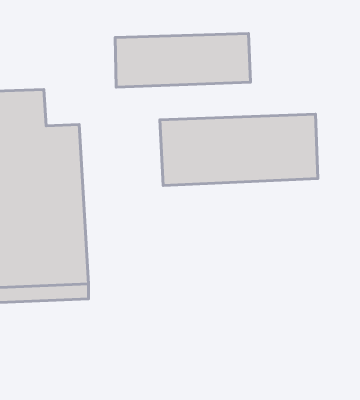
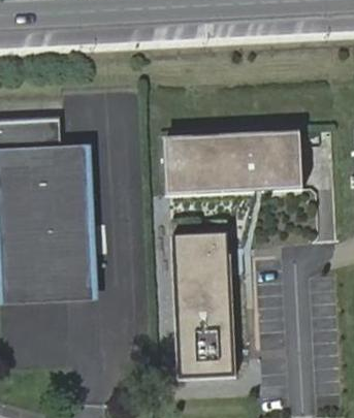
building: [115,34,250,87] -> none
building: none -> [171,231,232,376]

